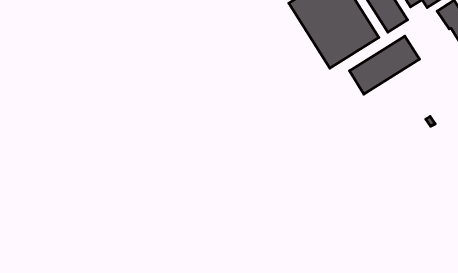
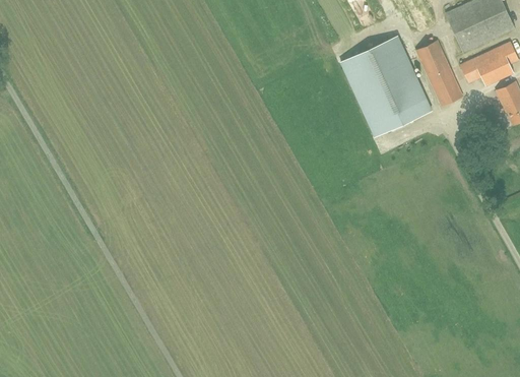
building: [349,36,419,94] -> none

